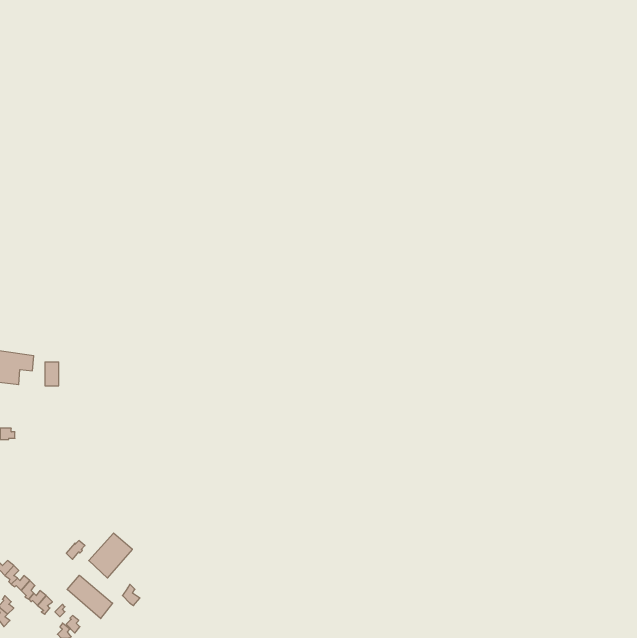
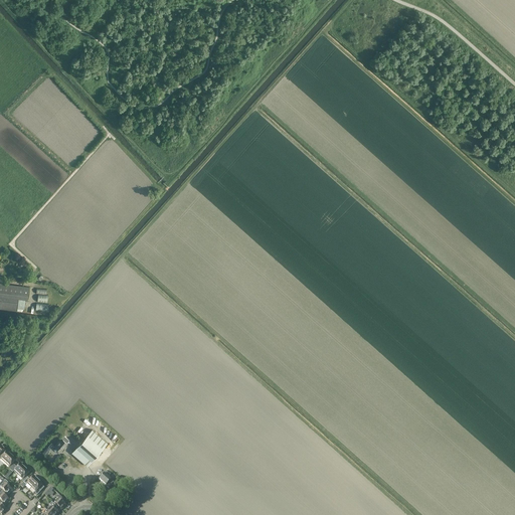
building: [67,575,113,619] -> none

